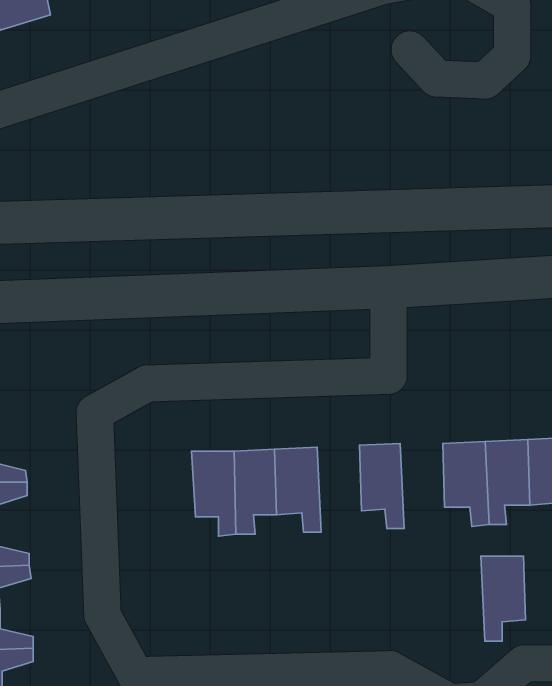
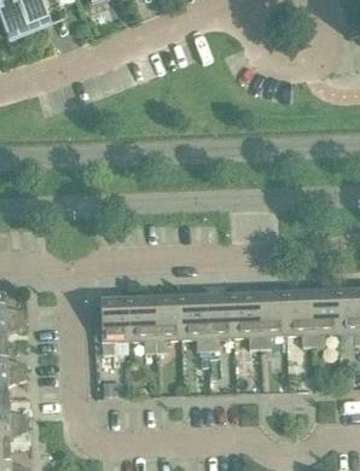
building: none -> [205,295,233,349]
building: none -> [100,298,129,353]
building: [481,556,525,641] -> [257,293,285,347]

